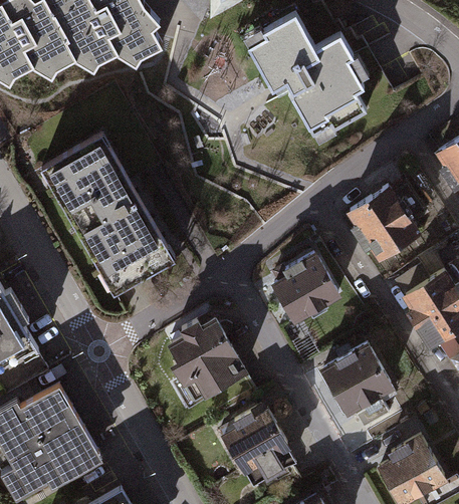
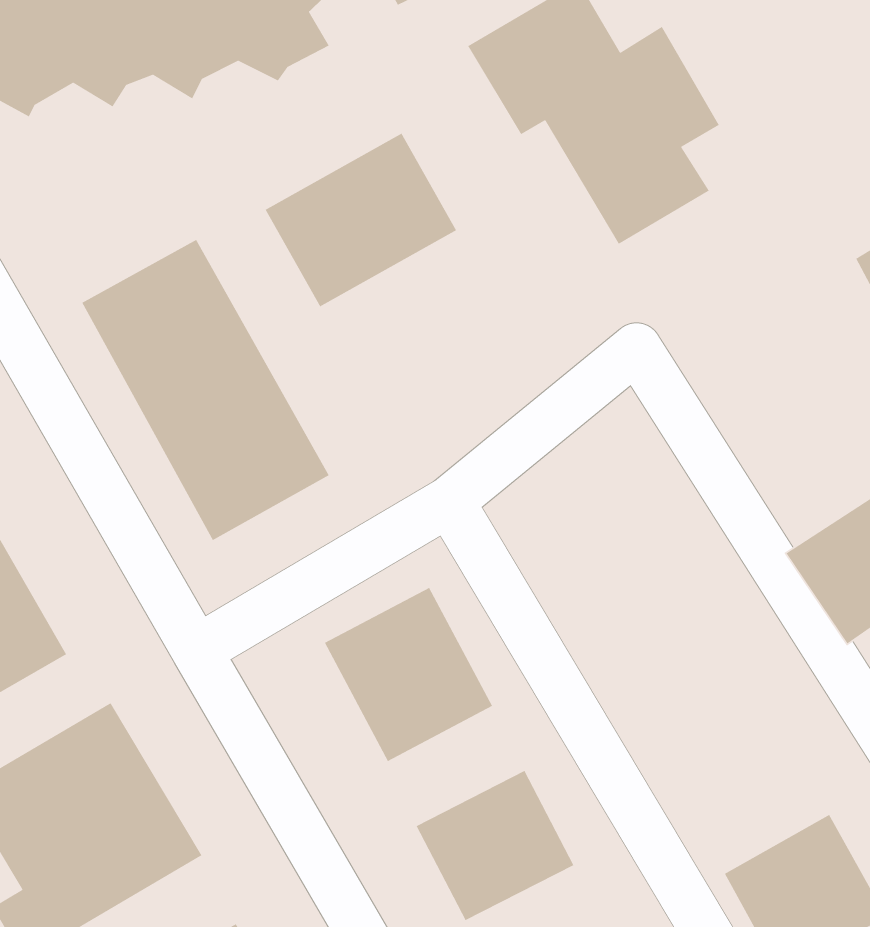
building: none -> [264,133,457,307]
building: [350,188,420,261] -> none
building: [267,254,341,322] -> none
building: [320,345,394,418] -> none

